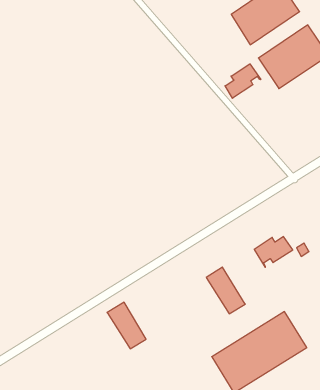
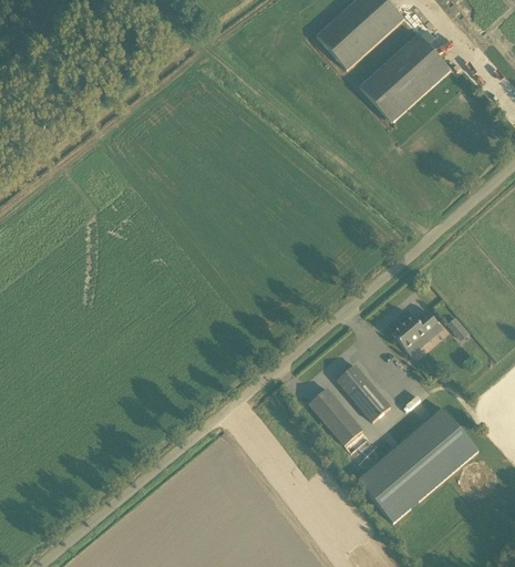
building: [225,64,261,98] -> none
building: [107,302,146,349] -> [307,386,362,445]

